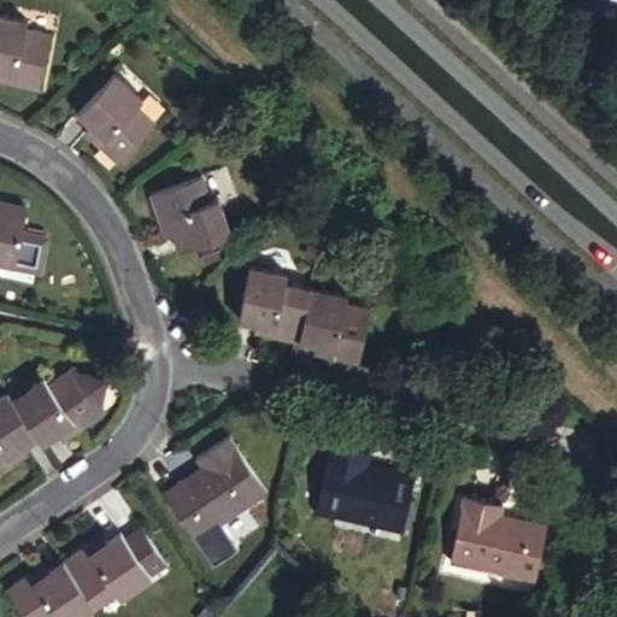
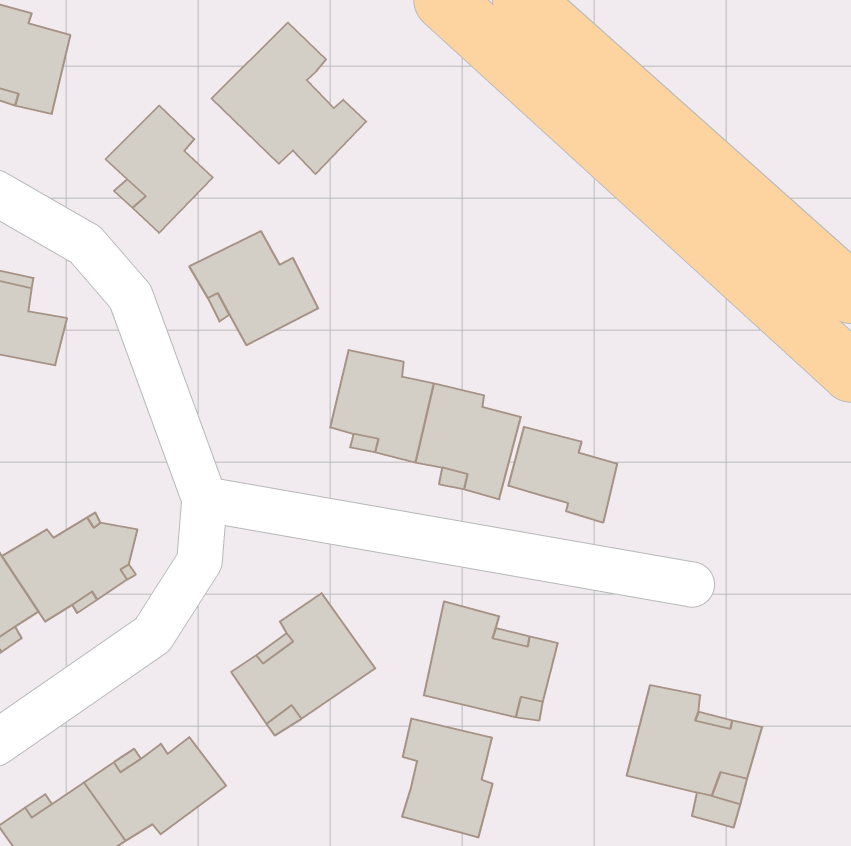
building: none -> [212,23,366,174]
building: none -> [508,427,617,523]
building: none -> [402,718,492,838]

